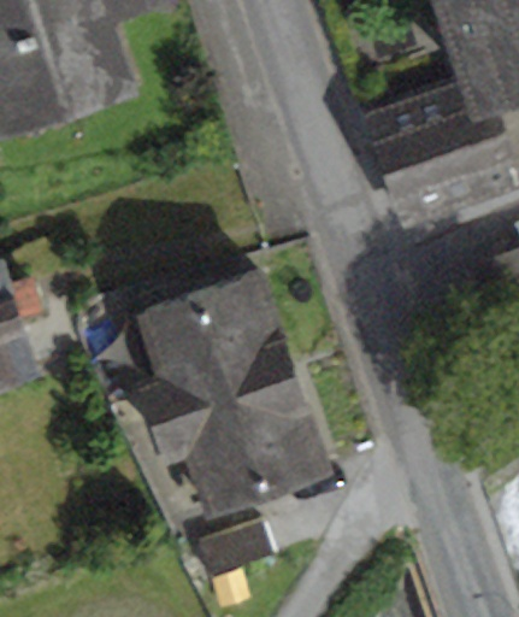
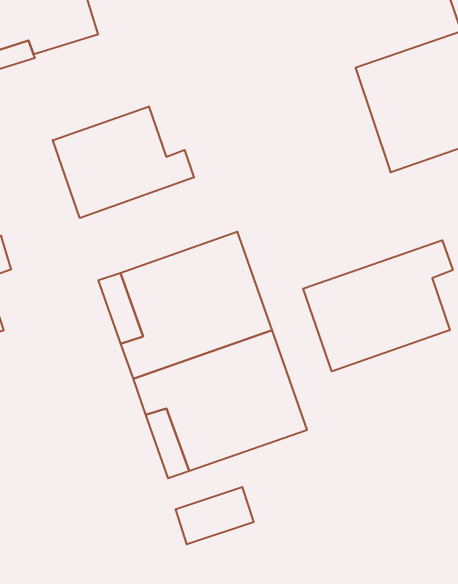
building: none -> [53,106,194,218]
building: none -> [303,240,453,371]

